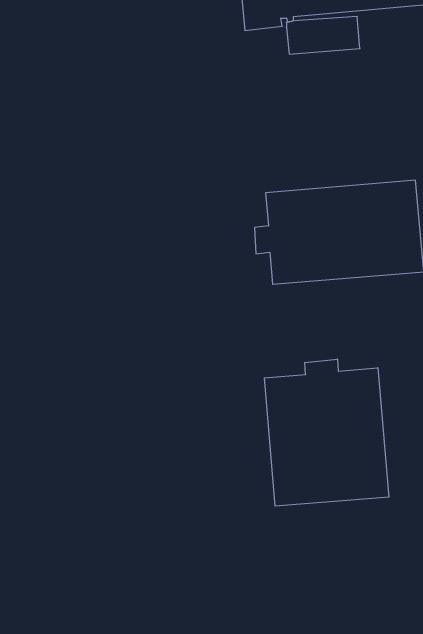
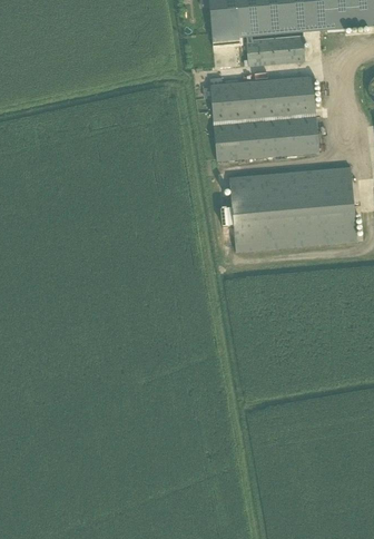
building: none -> [210,76,318,160]
building: [264,359,389,506] -> none

